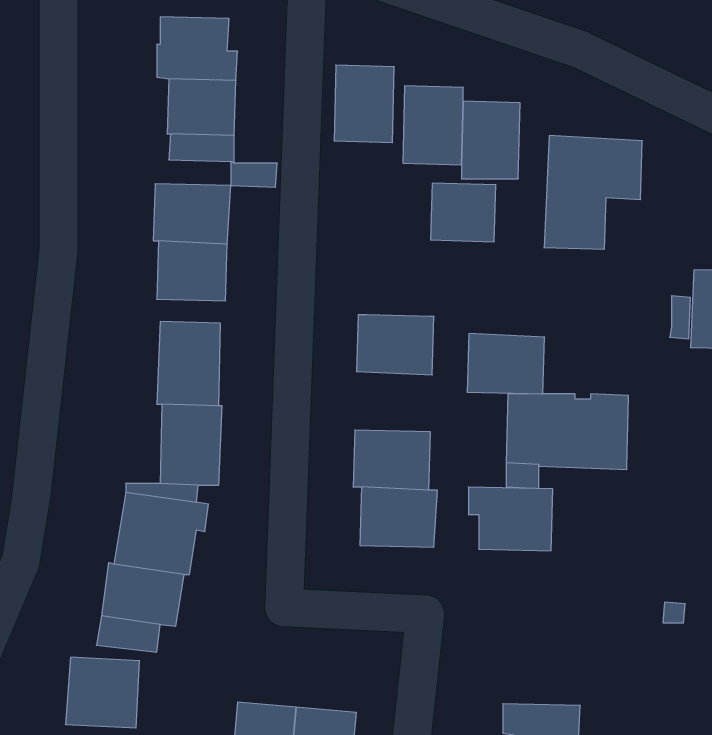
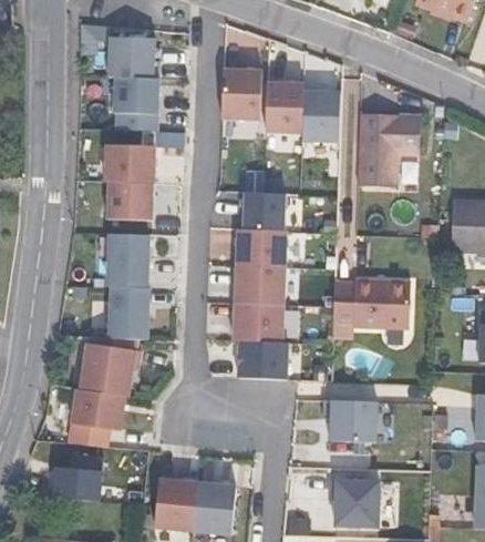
building: [431,183,496,242] -> [242,192,285,229]
building: [467,334,545,394] -> [235,265,285,304]
building: [468,487,553,551] -> [323,400,378,441]

